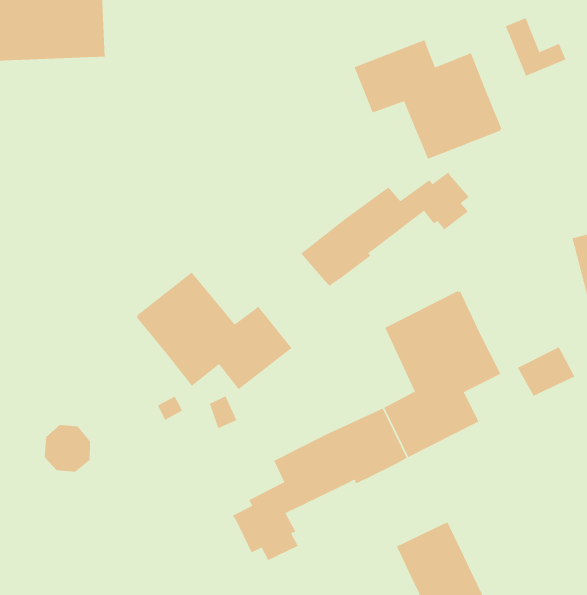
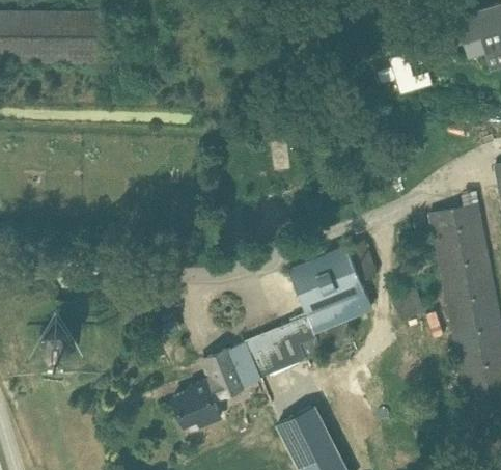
building: [353,39,503,160] -> none
building: [300,171,470,287] -> none
building: [135,272,293,390] -> none

